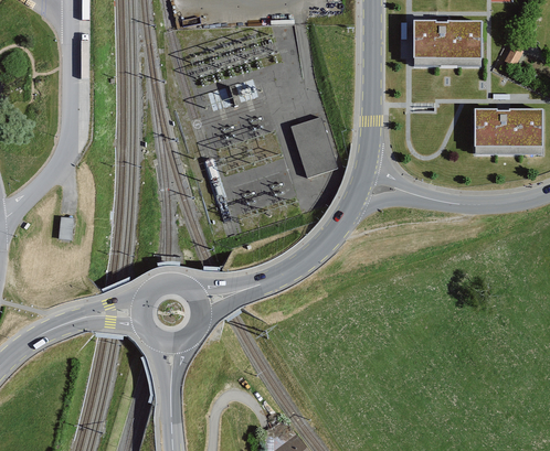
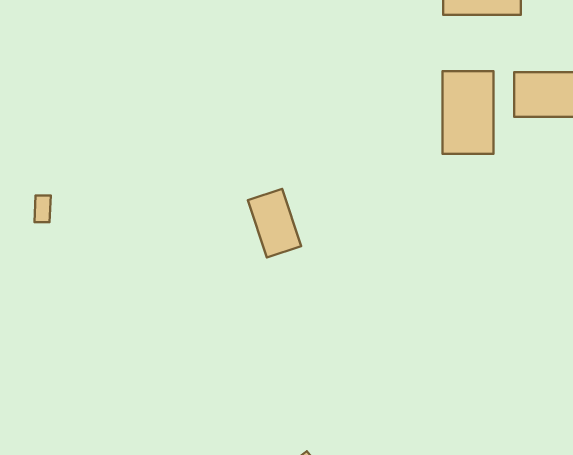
building: none -> [442,71,493,154]
building: [292,119,338,179] -> [248,189,301,257]

